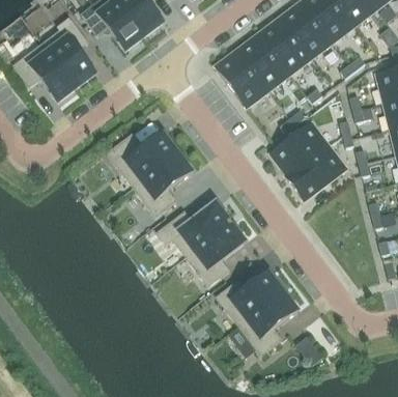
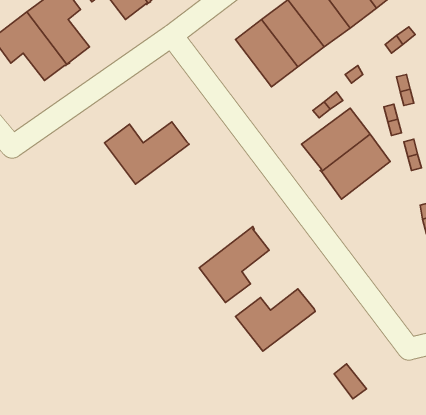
building: [134,152,192,215] -> none
building: [158,203,231,255] -> none
building: [239,291,297,353] -> none

